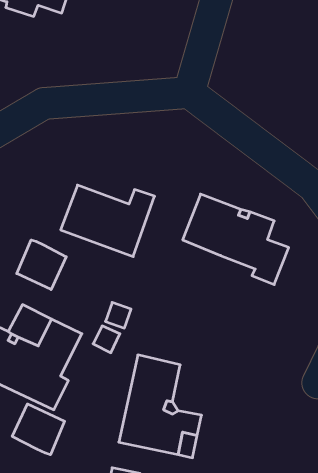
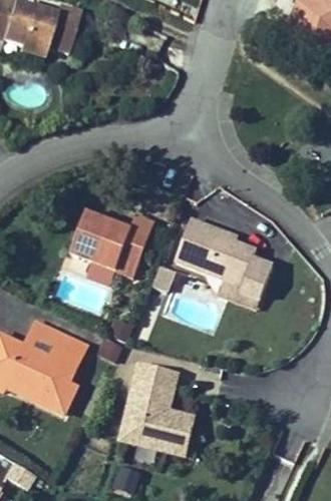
building: [17,240,66,290] -> none
building: [12,404,65,455] -> none

